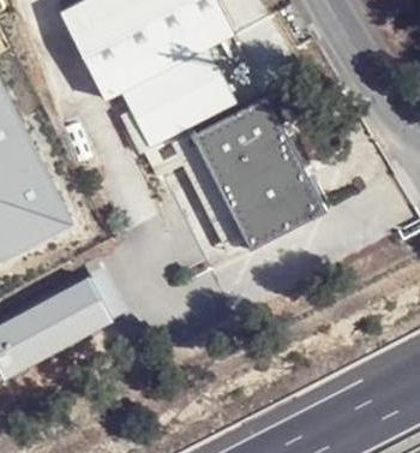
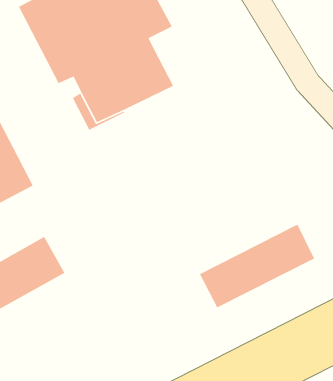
building: [192,101,324,252] -> none
building: none -> [199,223,315,308]

